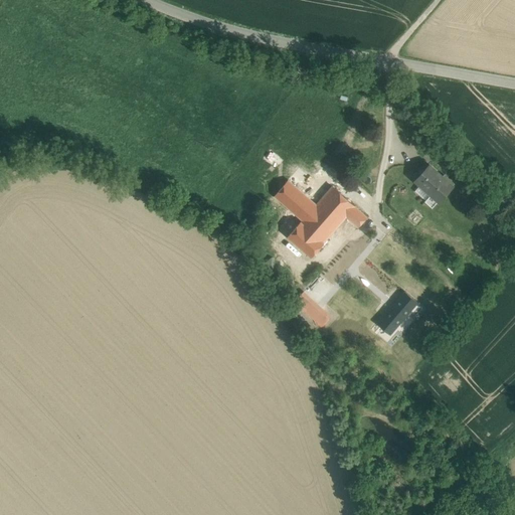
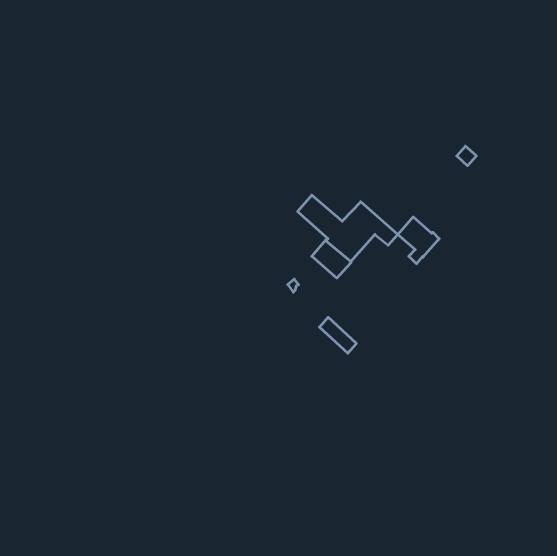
building: [415,165,454,208] -> [398,217,439,264]
building: [377,293,417,335] -> none

